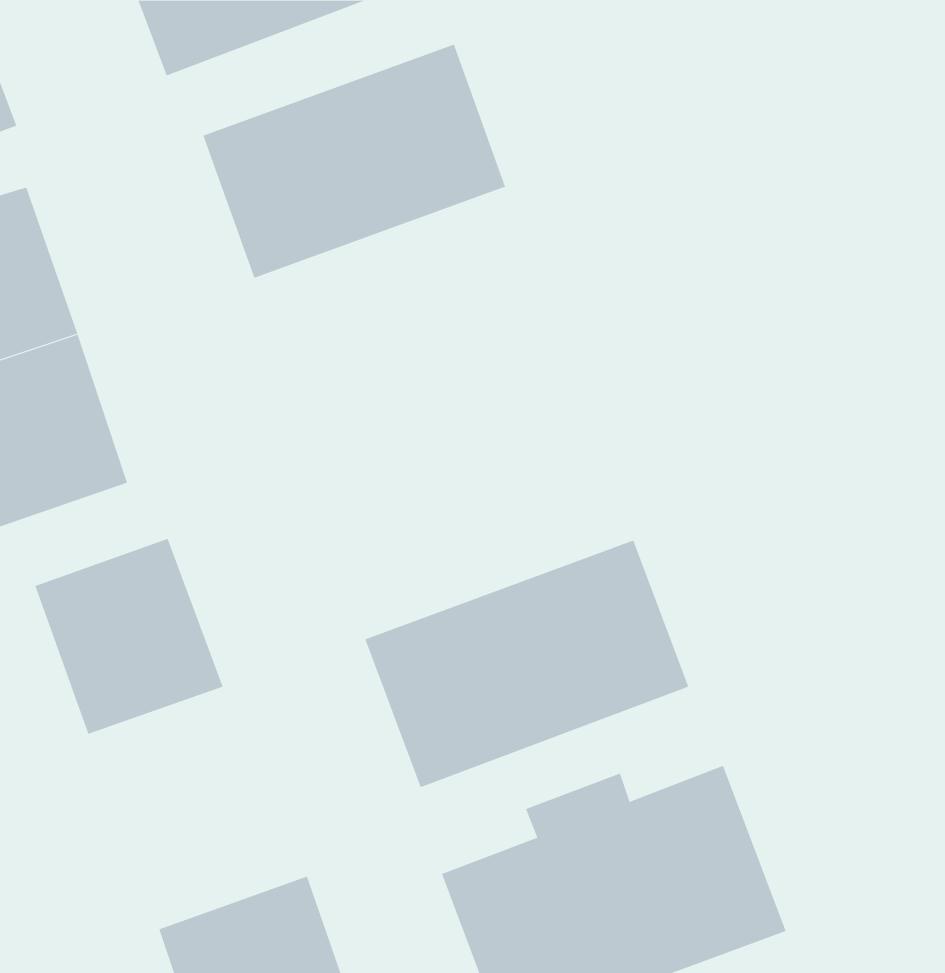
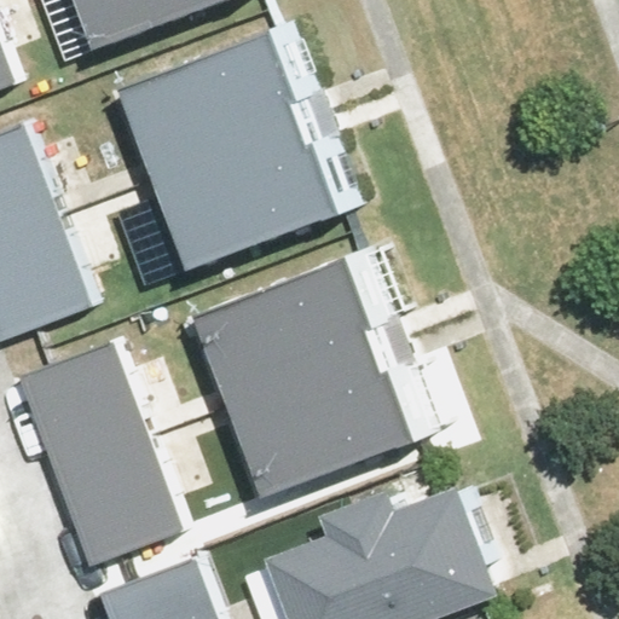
building: none -> [161,120,353,267]
building: none -> [196,249,401,406]
building: none -> [56,436,175,561]

